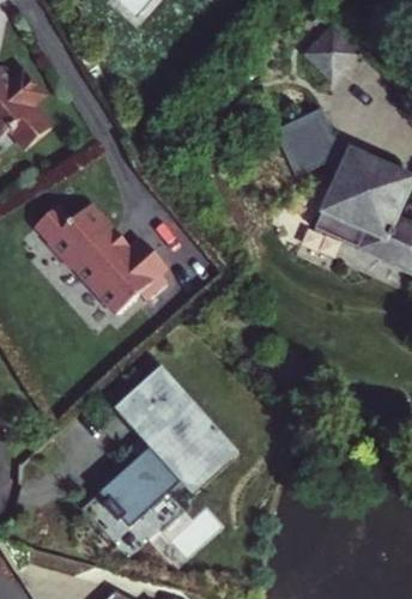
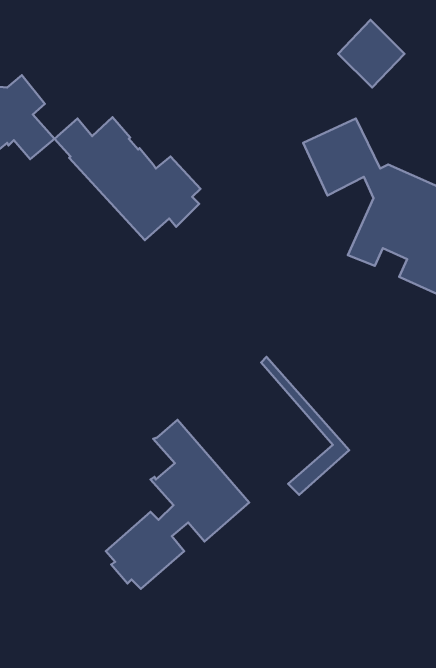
building: [36,204,165,313] -> [54,117,200,240]
building: [159,370,237,492] -> [261,357,349,495]

